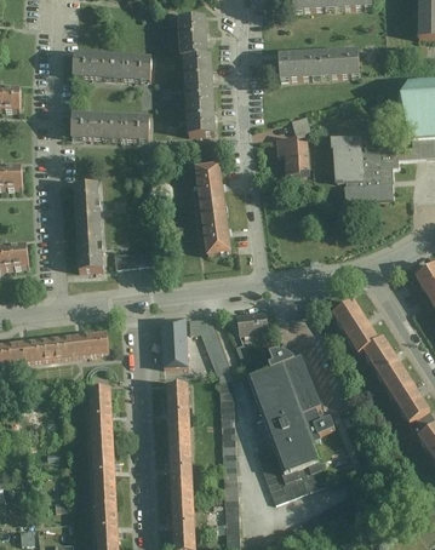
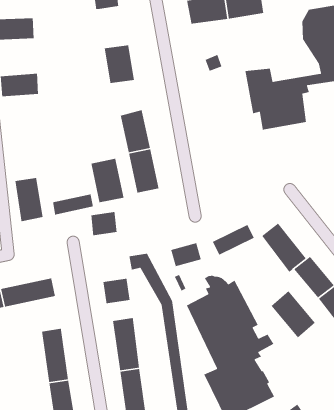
building: [183,52,212,94] -> none
building: [113,55,151,80] -> none
building: [111,114,150,139] -> none
building: [275,136,308,172] -> none
building: [73,182,101,225] -> none
building: none -> [90,158,124,203]
building: none -> [212,224,255,256]
building: [159,317,185,342] -> [90,211,117,236]
building: none -> [271,290,316,339]

